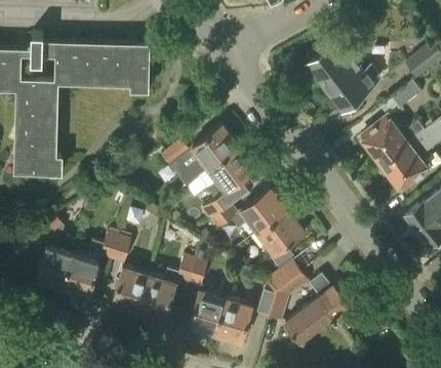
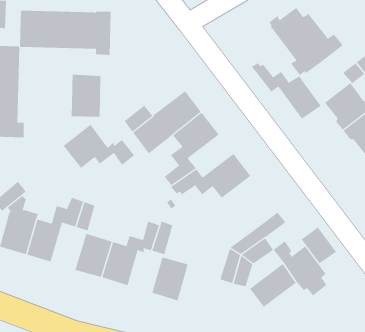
building: none -> [251,62,321,120]
building: none -> [71,74,101,117]
building: none -> [63,124,135,169]
building: [257,210,304,269] -> none
building: none -> [301,226,337,264]
building: [214,298,251,343] -> none

